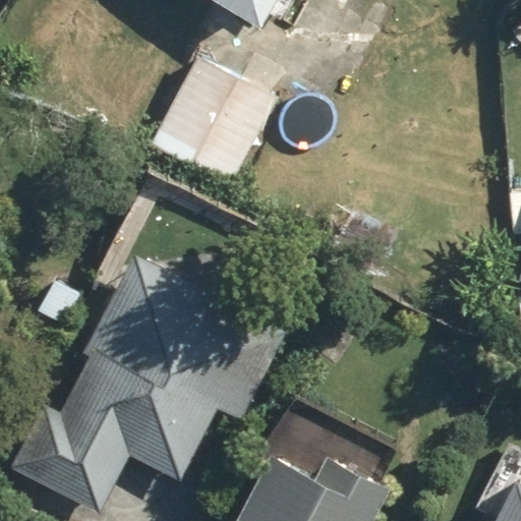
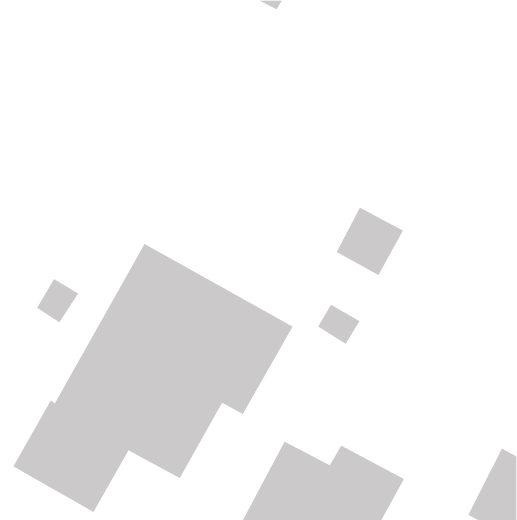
building: [151,54,278,186] -> none

